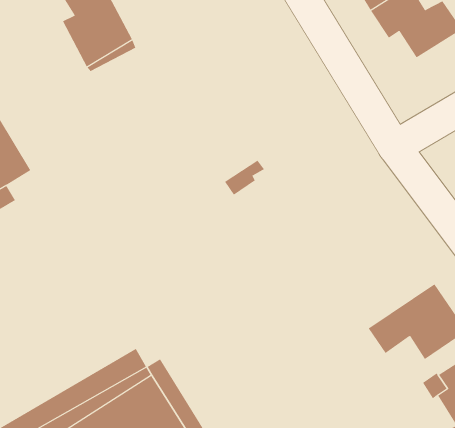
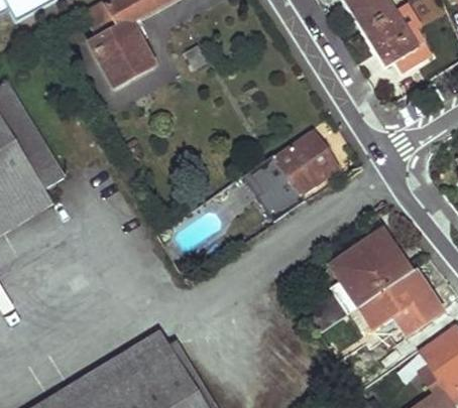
building: none -> [273,132,338,203]
building: none -> [302,235,411,332]

